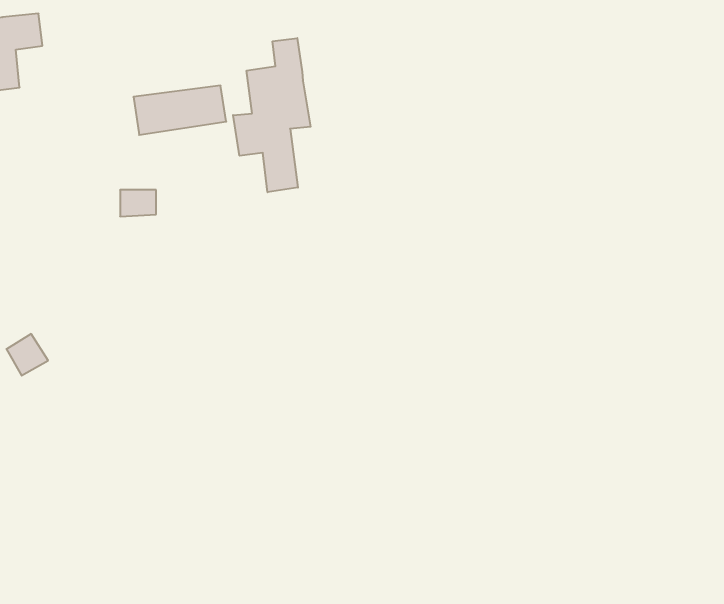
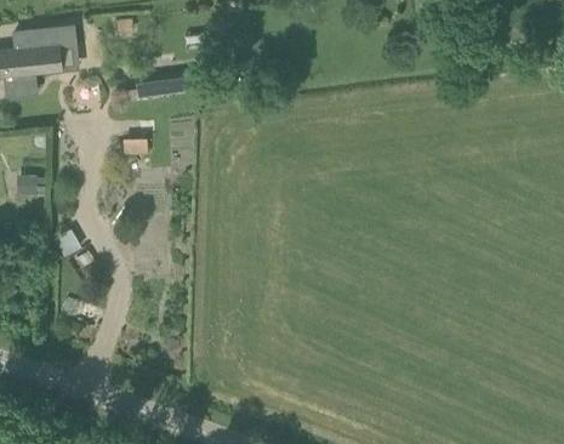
building: [233,38,311,192] -> none

